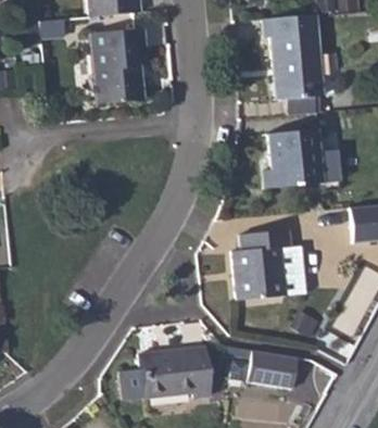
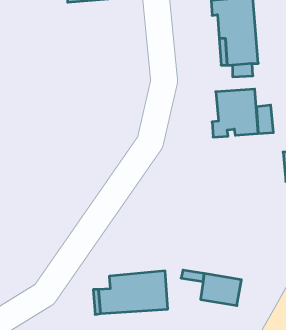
building: [91,32,143,106] -> none
building: [235,227,311,301] -> none

